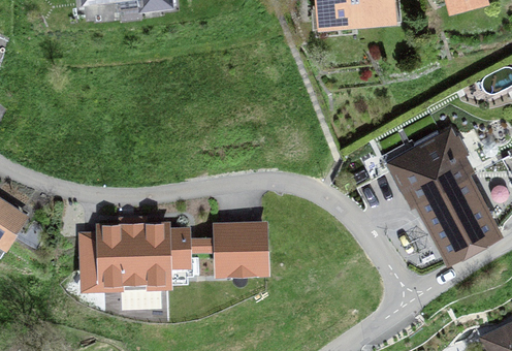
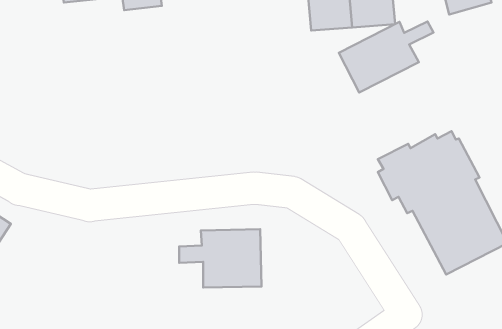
building: none -> [339,22,434,93]
building: [78,216,192,291] -> none

